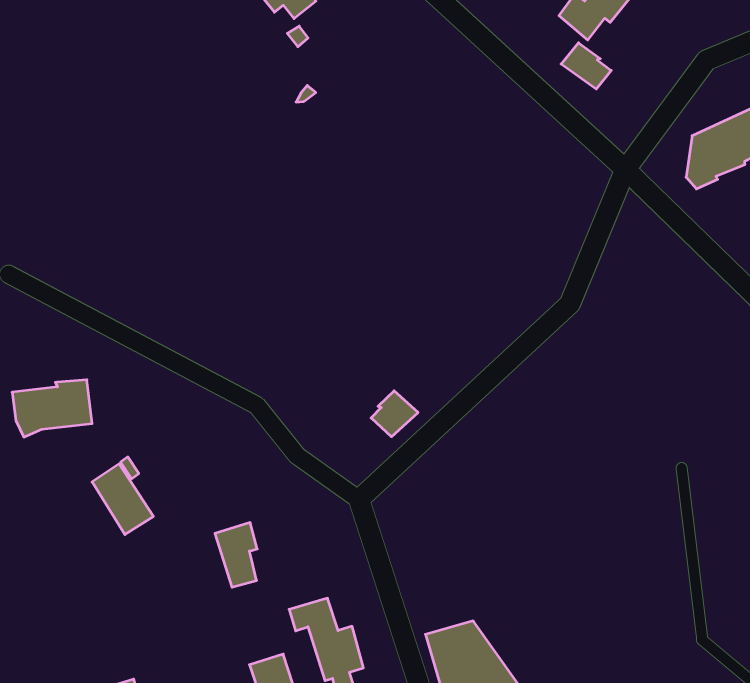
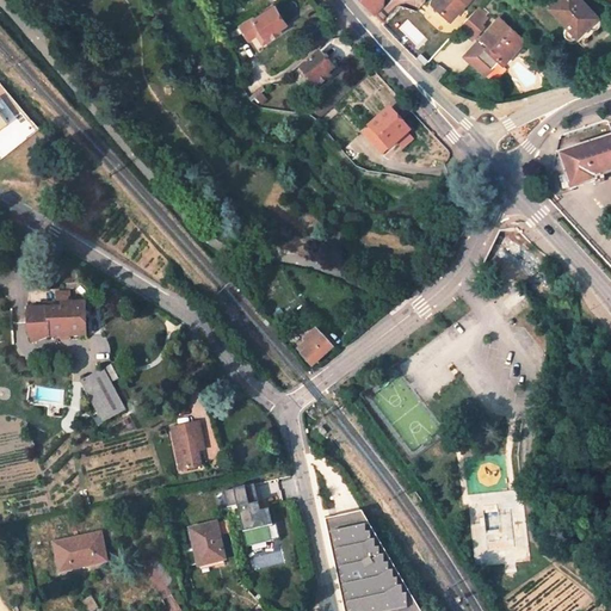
building: none -> [300,51,333,86]
building: [561,43,611,89] -> none
building: none -> [369,106,409,148]

